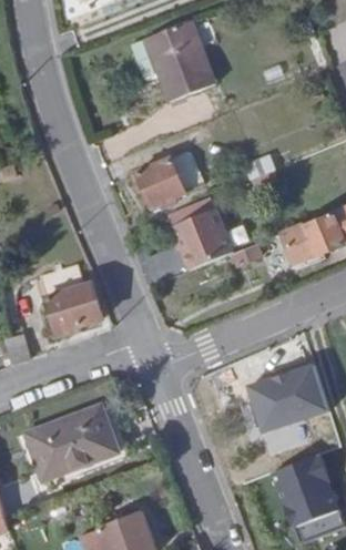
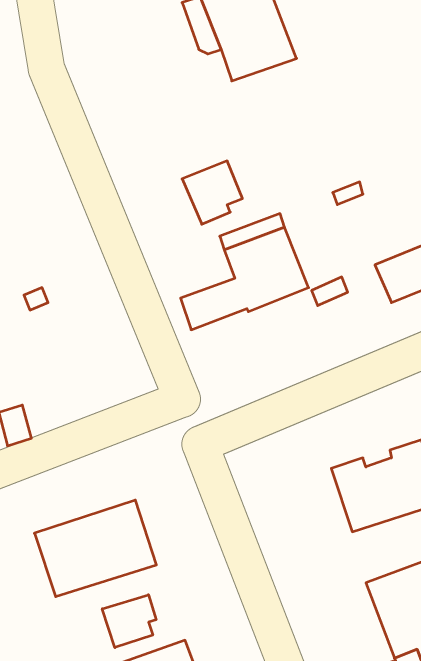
building: [38,268,101,336] -> none
building: none -> [102,595,156,648]

